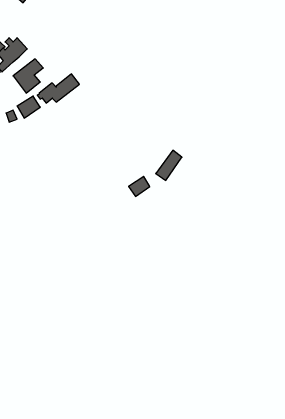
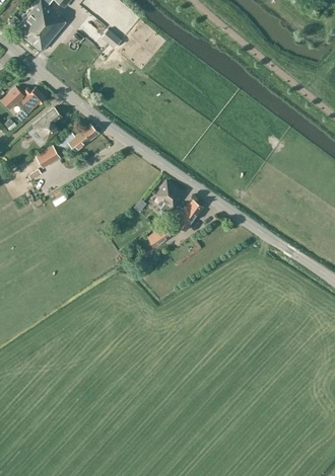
building: none -> [154,181,182,214]

